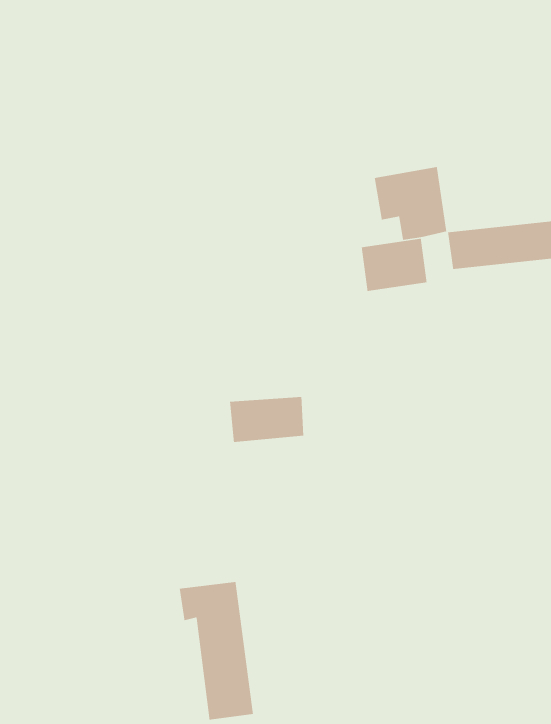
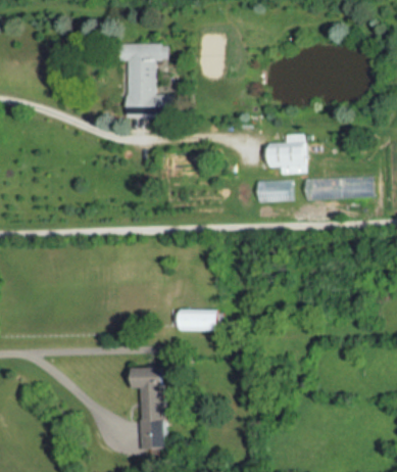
building: none -> [117,42,173,115]
building: [229,396,304,443] -> [176,306,218,331]

